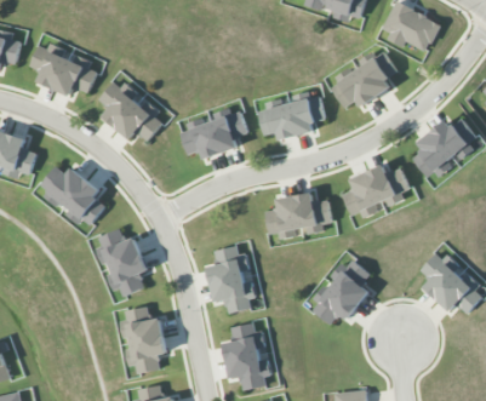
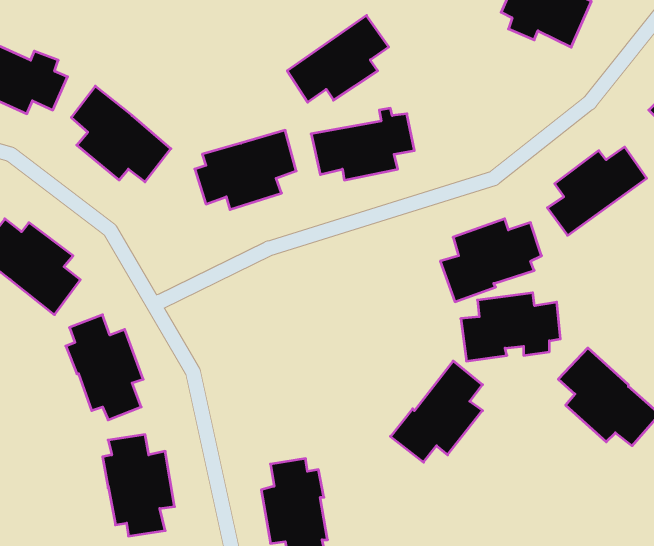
building: [331,51,398,108] -> [287,15,389,102]
building: [265,193,331,237] -> [461,293,560,361]
building: [207,245,256,313] -> none

